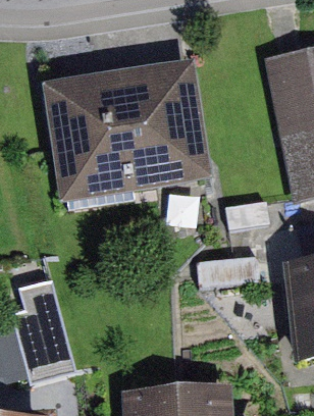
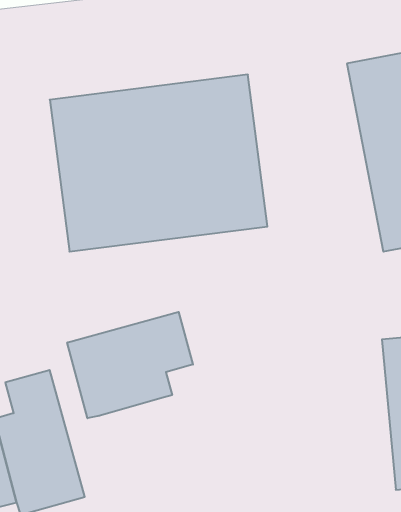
building: none -> [67,312,193,418]

